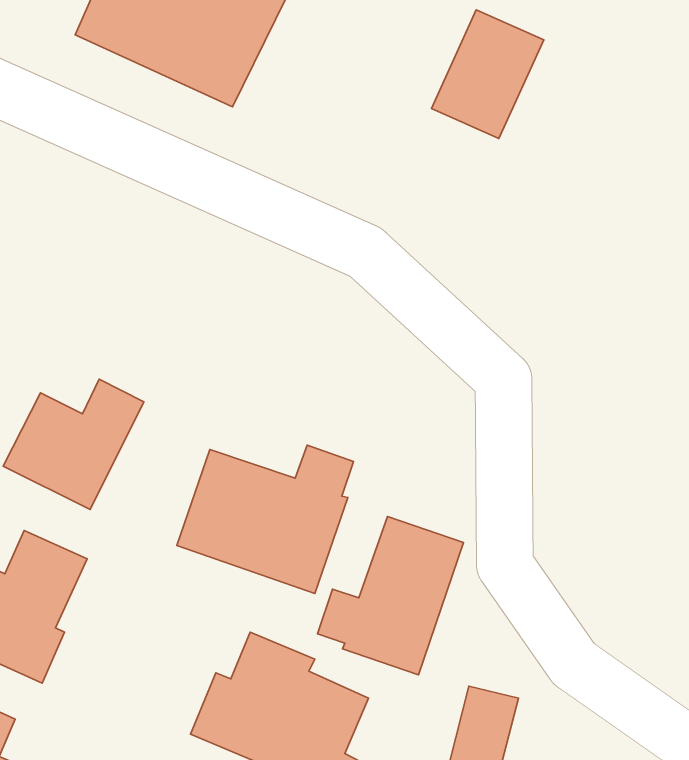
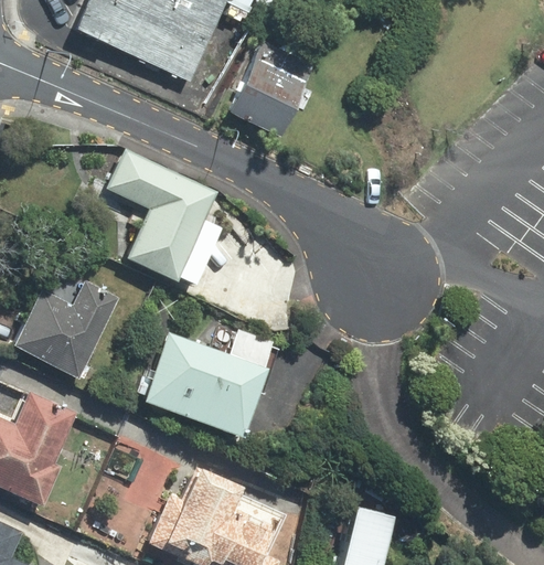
building: [431,10,544,139] -> [223,40,306,135]
building: none -> [108,150,220,284]
building: [318,516,464,675] -> none

